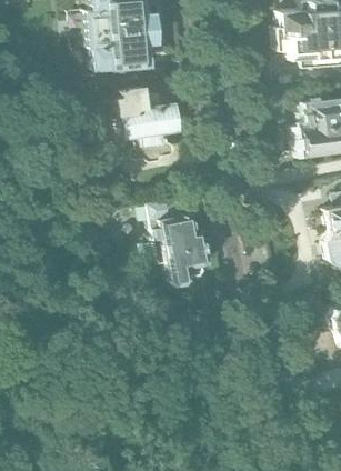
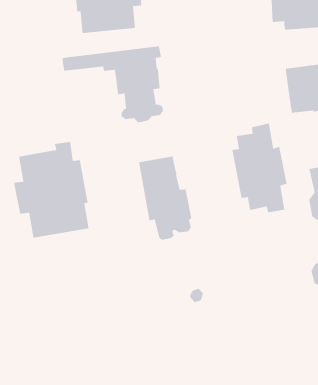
building: none -> [232,123,287,213]
building: none -> [13,141,89,238]

